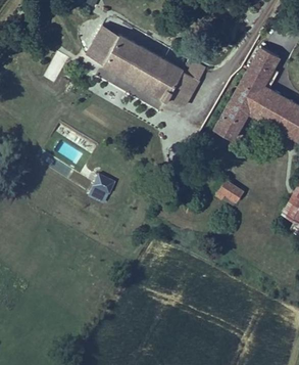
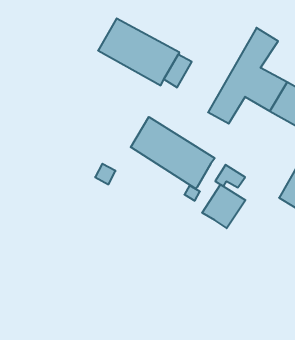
building: [86,27,119,67] -> none
building: none -> [131,117,215,189]
building: none -> [202,185,245,228]

